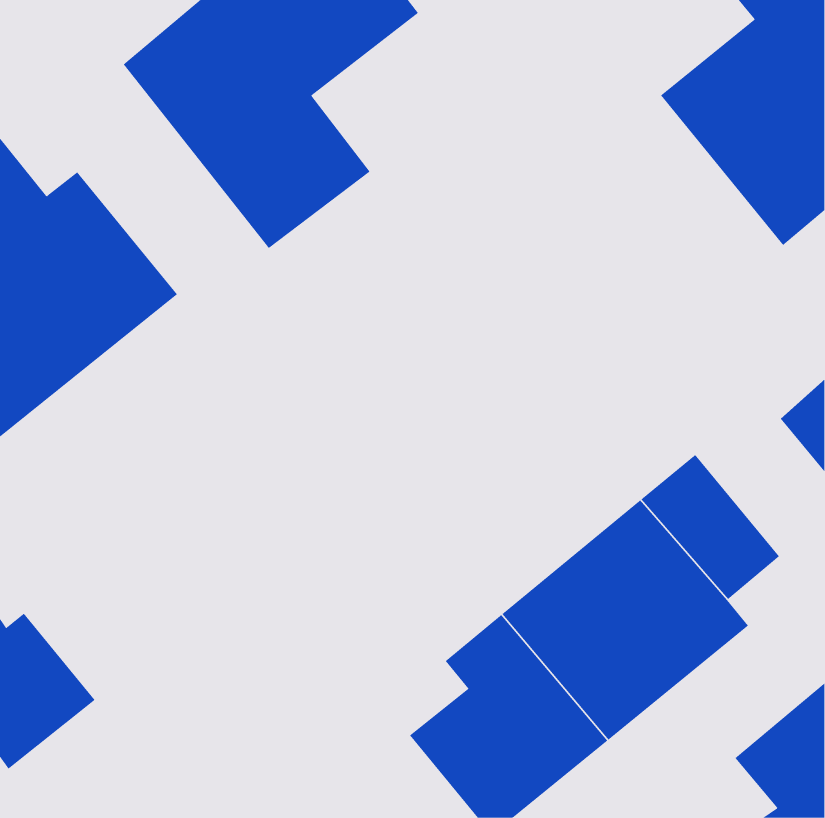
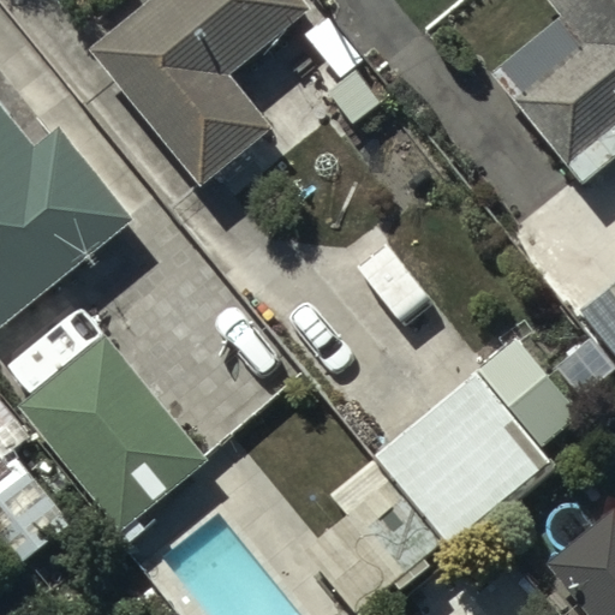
building: none -> [20,336,204,529]

